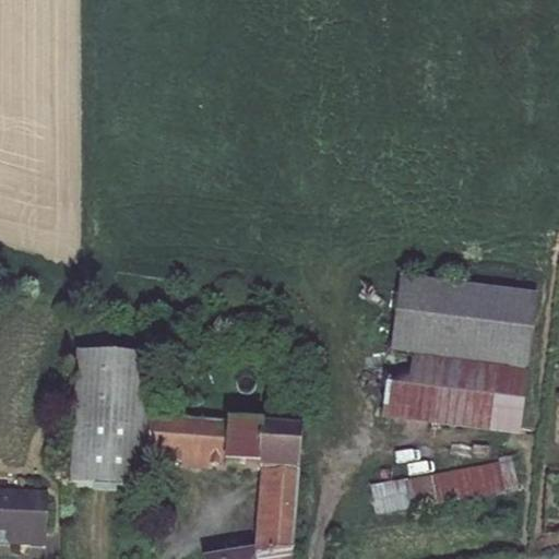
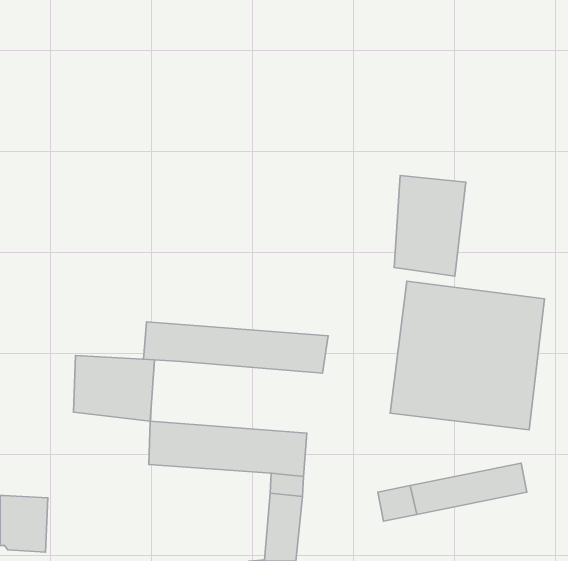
building: none -> [394,175,466,276]
building: none -> [144,322,328,373]
building: [68,405,147,485] -> none

